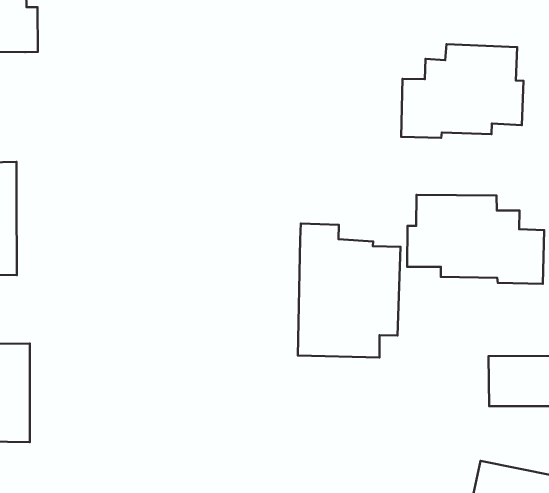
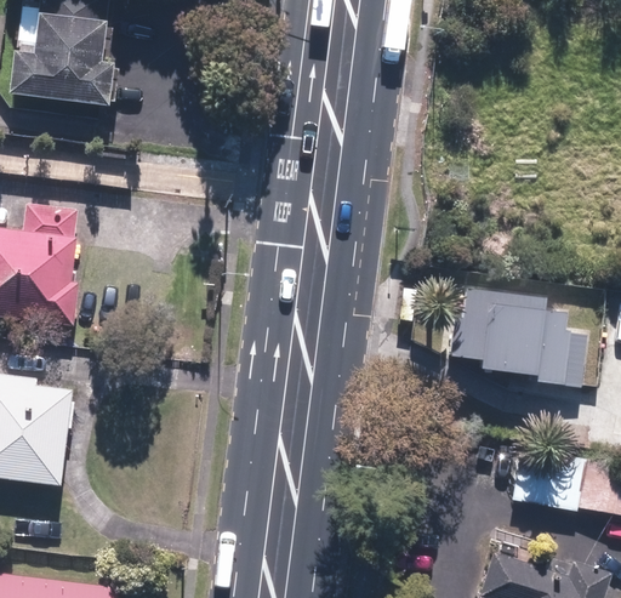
building: [401,44,524,138] -> none
building: [298,224,400,357] -> none

